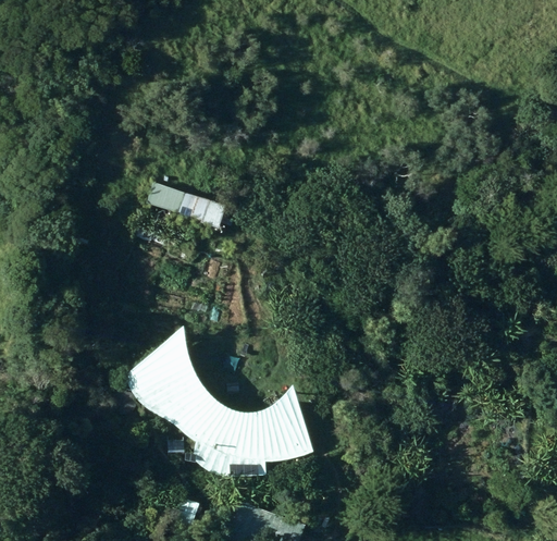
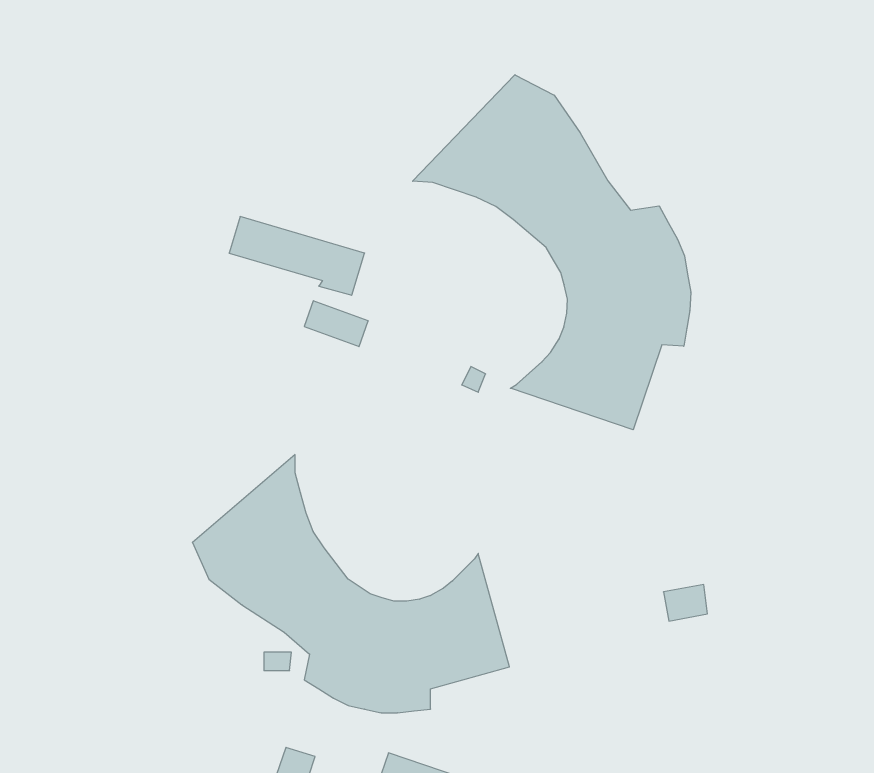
building: none -> [413,75,691,430]

